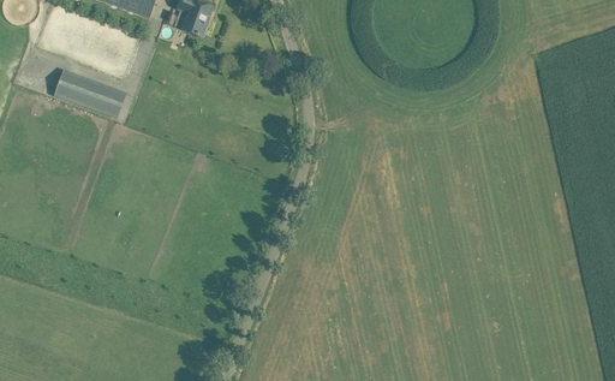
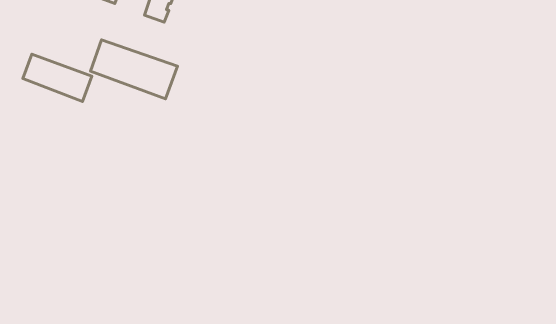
building: none -> [90,40,178,99]

